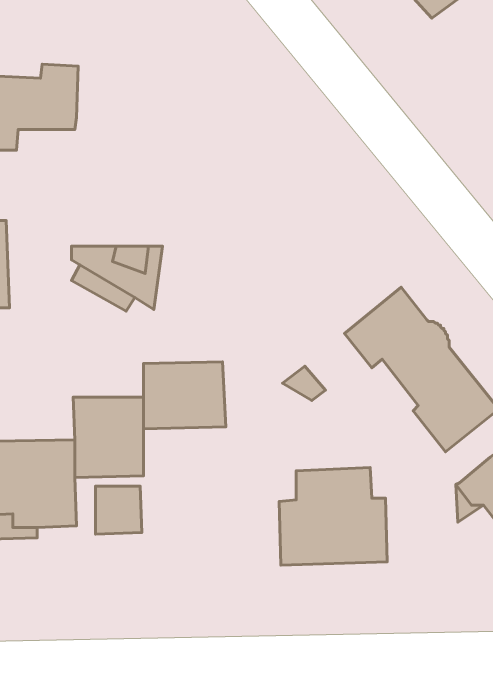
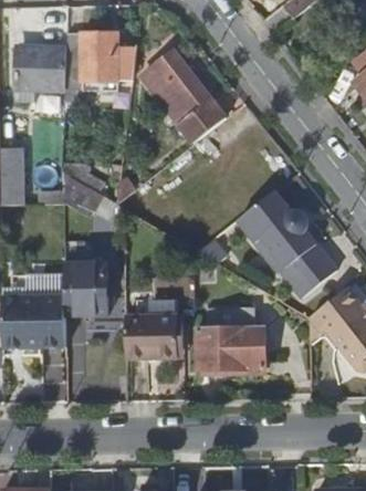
building: none -> [65,32,135,83]
building: none -> [143,52,227,143]
building: [143,362,226,429] -> [125,315,178,358]

